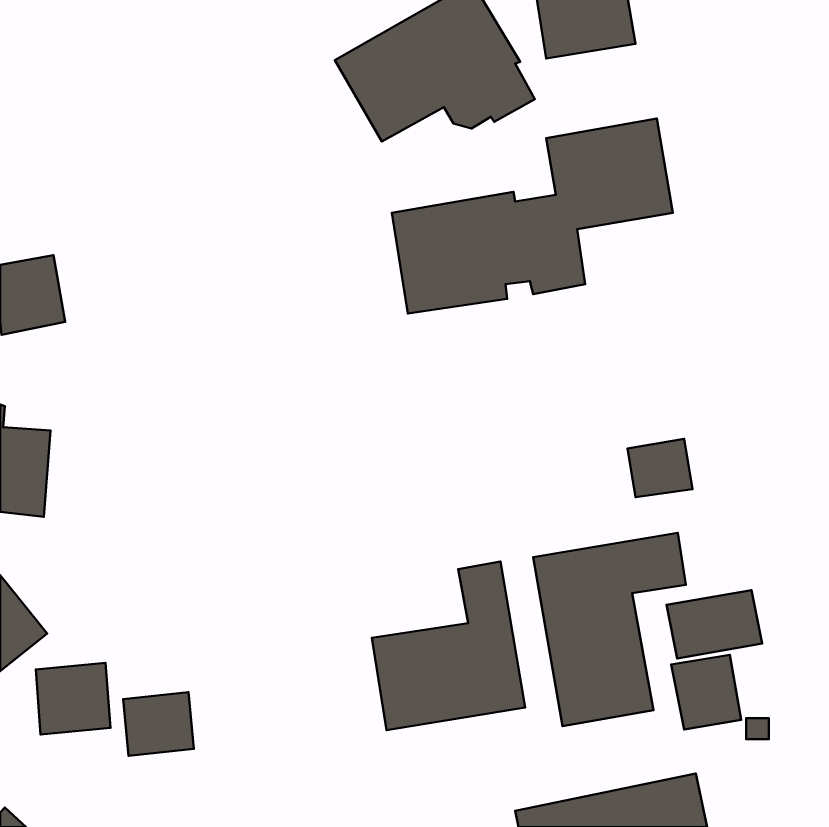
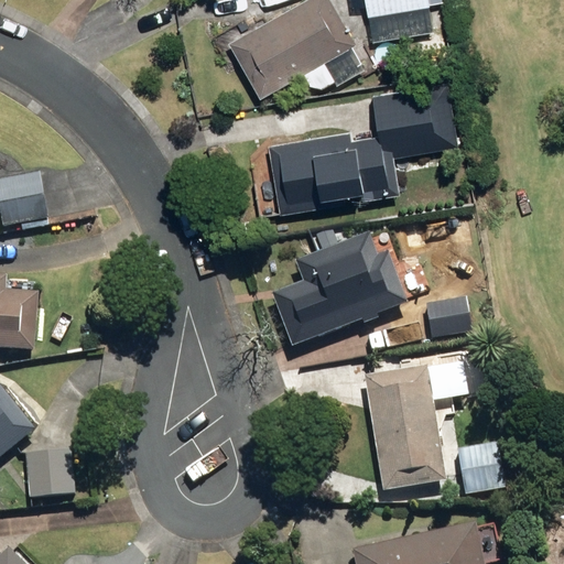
building: none -> [270,227,406,348]
building: [372,561,525,730] -> none
building: [666,590,762,658] -> none
building: [123,692,194,756] -> none

